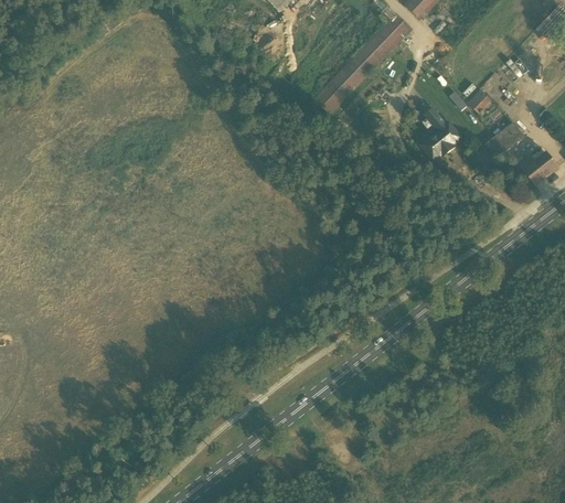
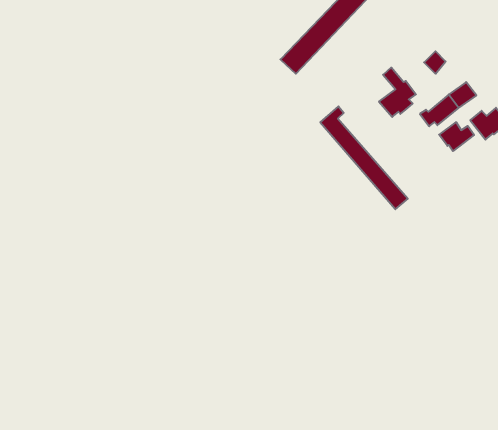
building: none -> [320,106,408,209]
building: none -> [439,122,474,151]

